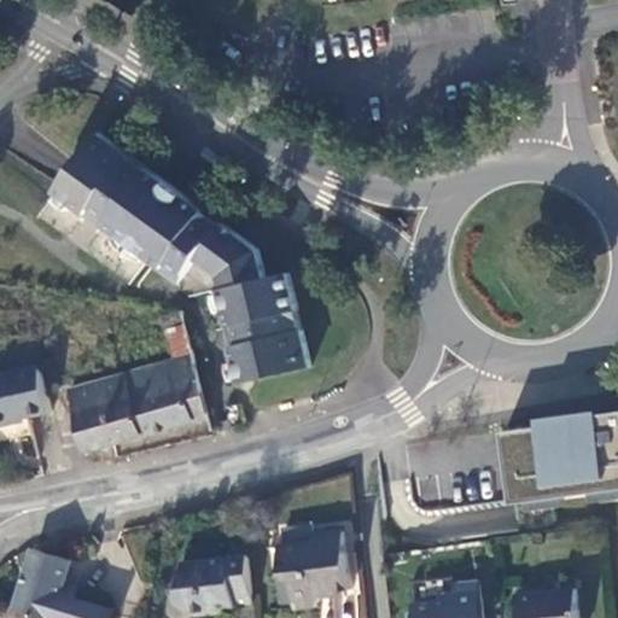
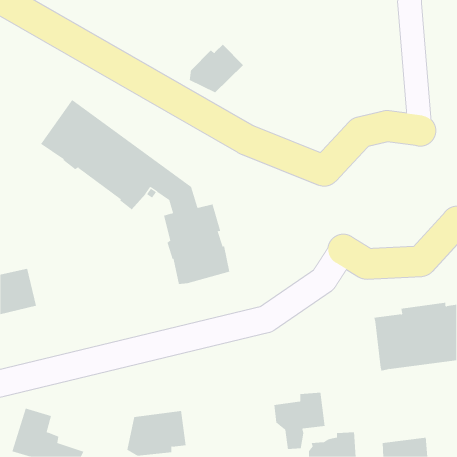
building: none -> [189,44,244,93]
building: [62,311,208,457] -> none
building: [278,531,348,608] -> [274,392,326,449]

